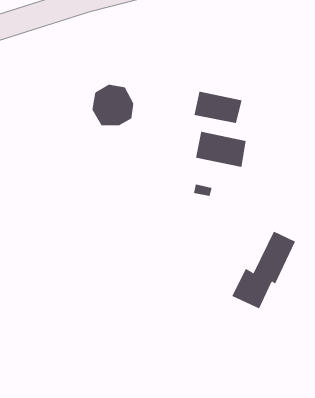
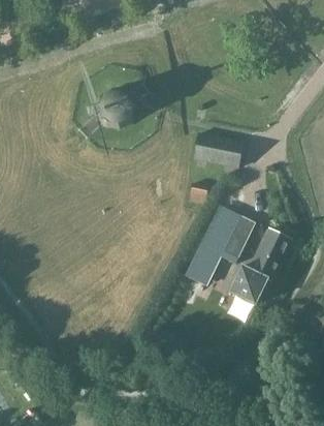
building: [194,91,242,124] -> none
building: none -> [187,209,253,284]

